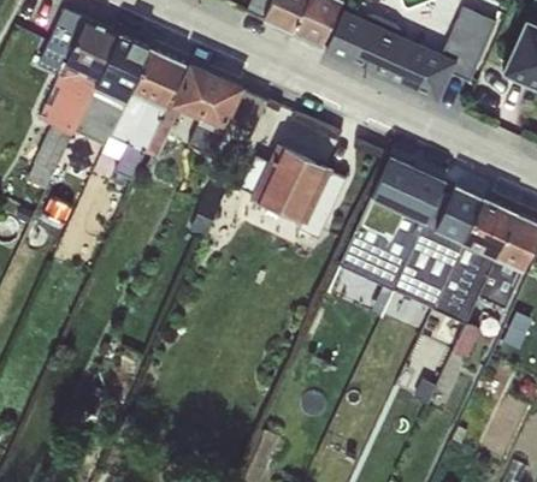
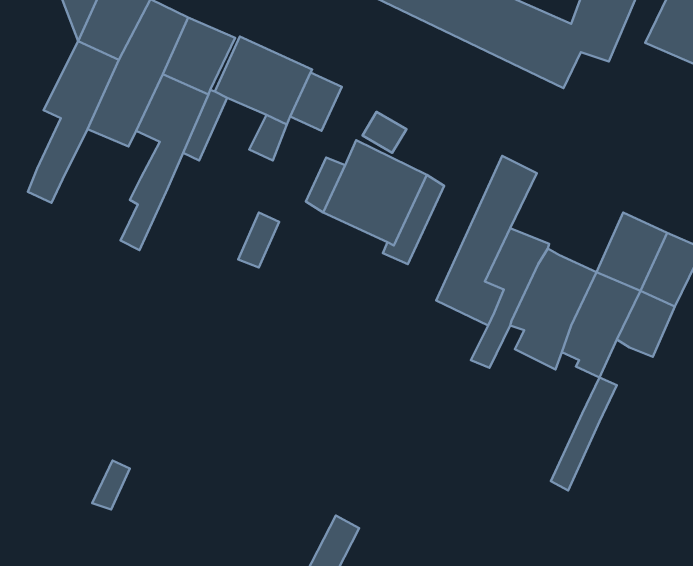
building: [396,168,444,222] -> none
building: [433,186,483,244] -> none

